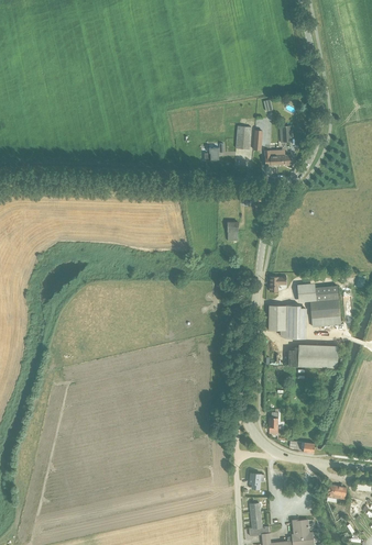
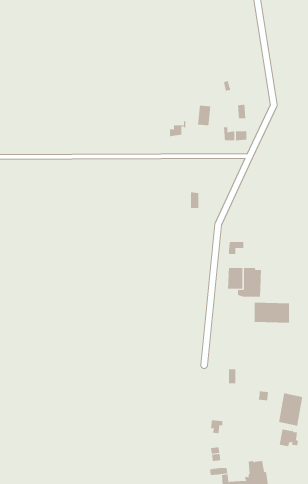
building: [296,281,340,325] -> none
building: none -> [278,393,303,427]

